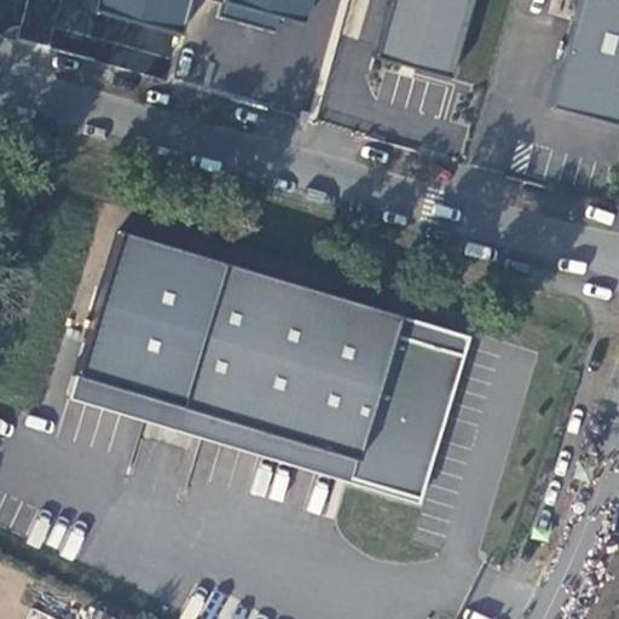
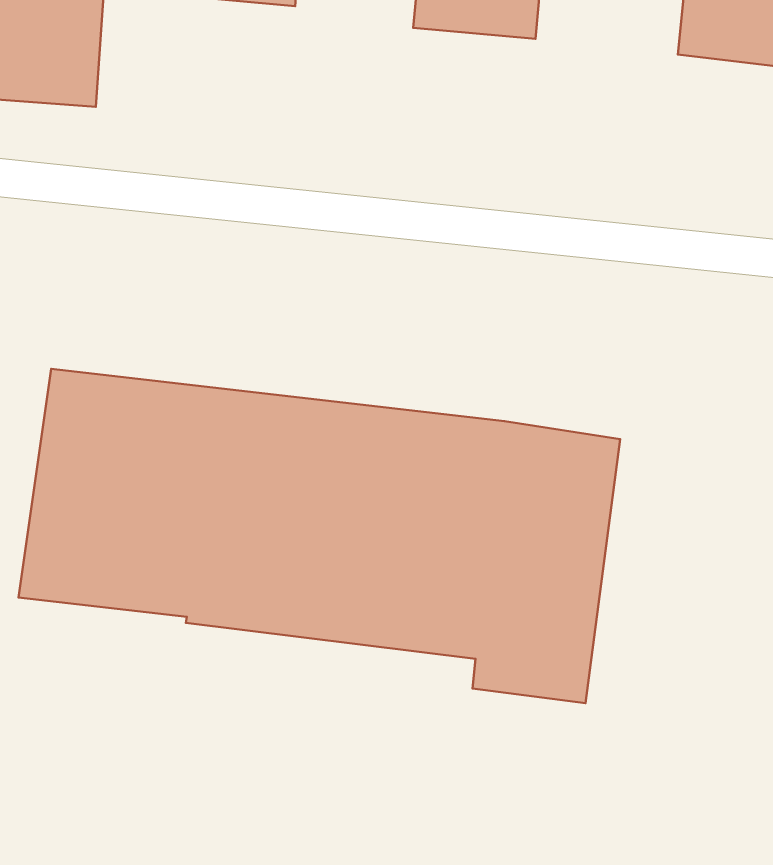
building: [74,374,358,476] -> none

